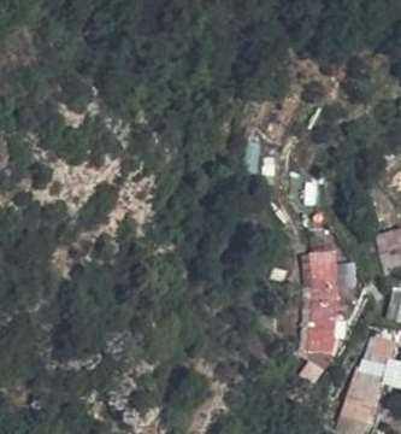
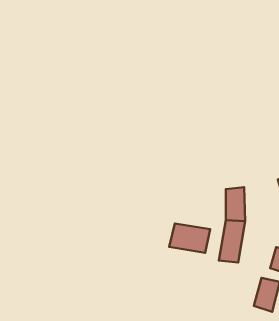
building: none -> [169,224,210,253]

